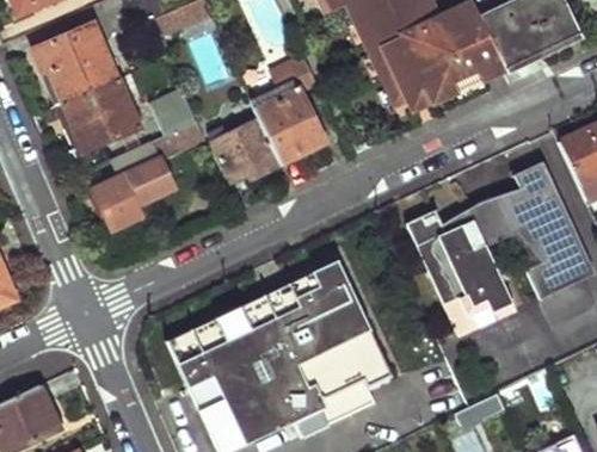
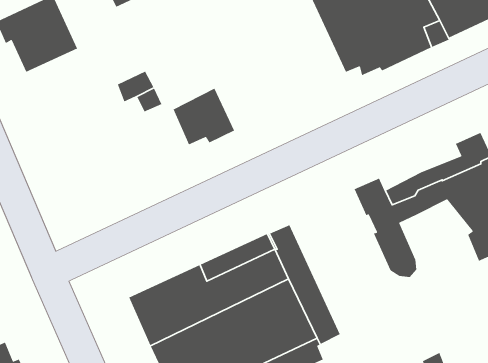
building: [254,54,325,163] -> none
building: [61,76,140,150] -> none
building: [92,156,174,230] -> none
building: [443,252,529,338] -> none

